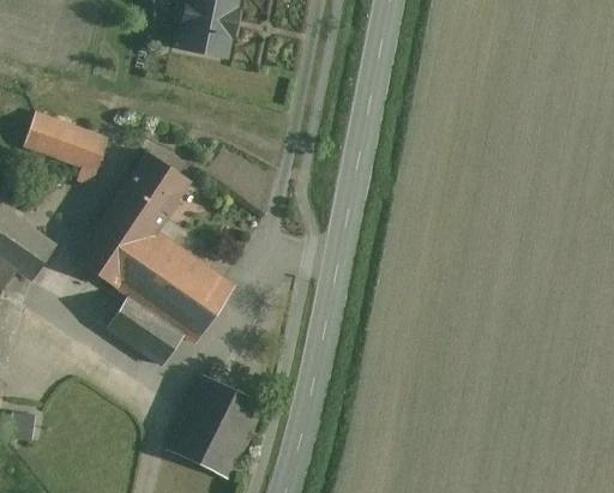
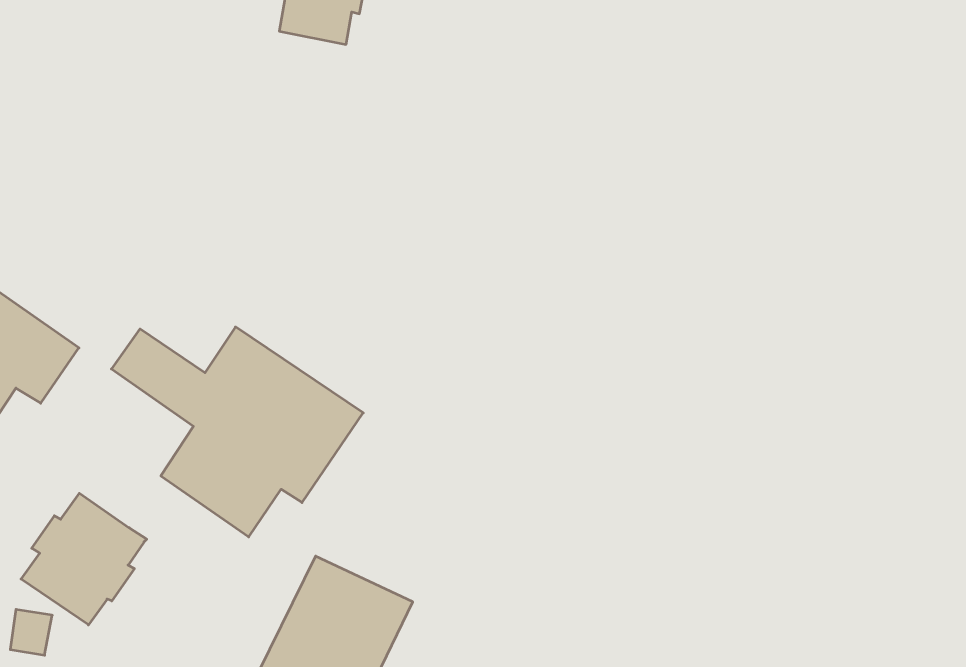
building: [24,113,107,170] -> none
building: [94,152,188,260] -> none
building: none -> [21,493,147,625]

